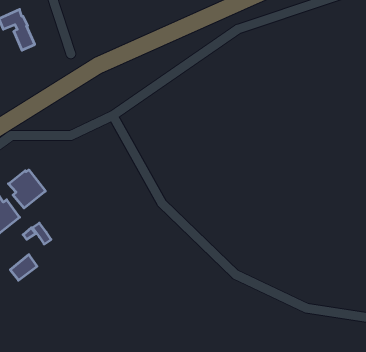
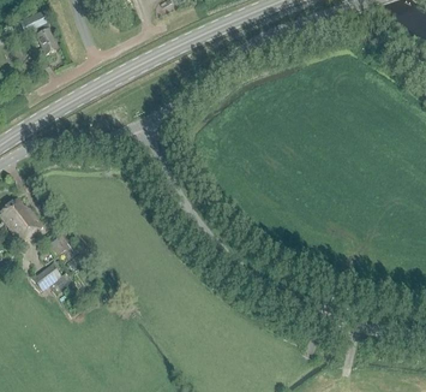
building: [8,170,45,208] -> none

